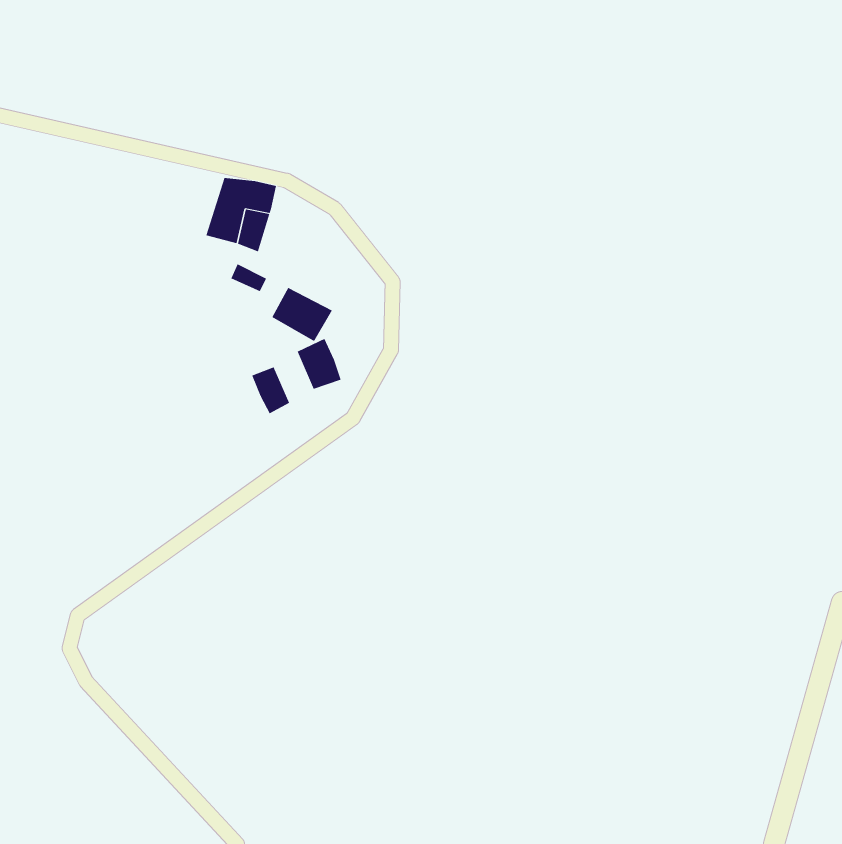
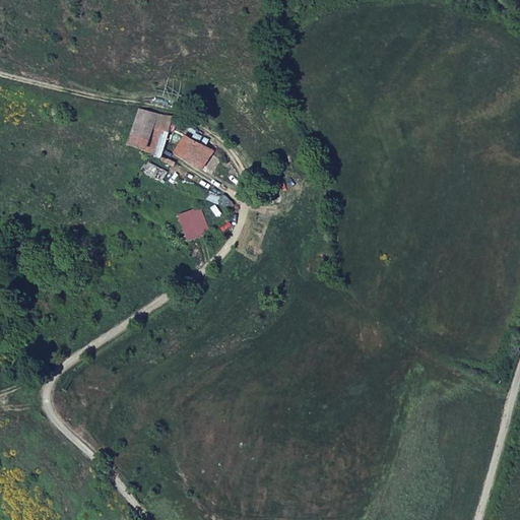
building: [271,287,333,342] -> [173,135,210,169]
building: [252,367,290,414] -> none

